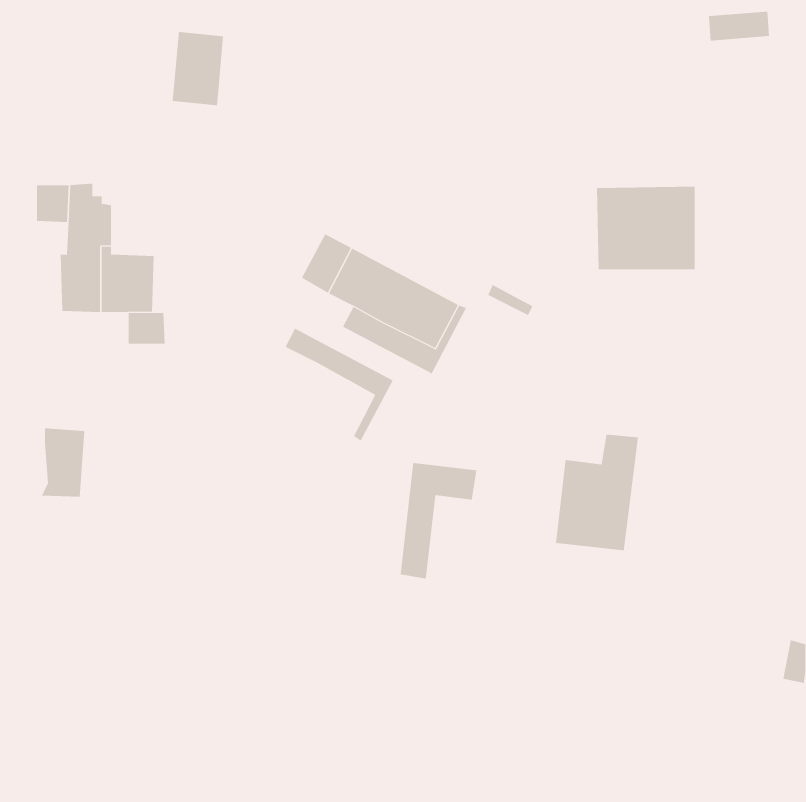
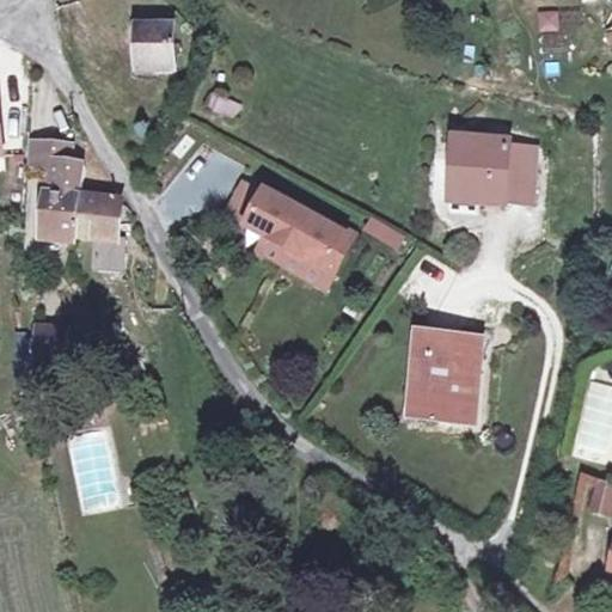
building: [285,328,393,441] -> none
building: [400,462,477,579] -> [400,323,459,411]

